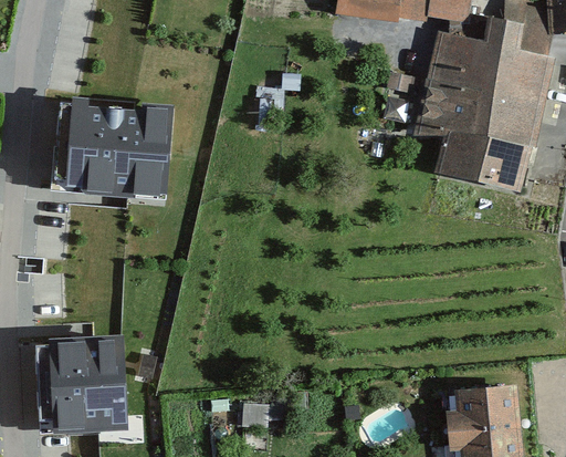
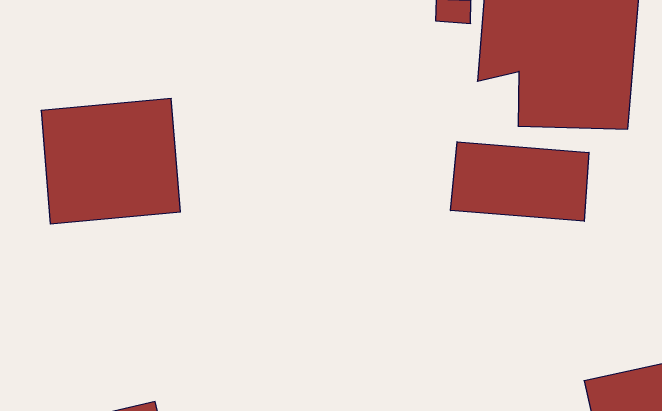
building: none -> [451,142,589,221]

